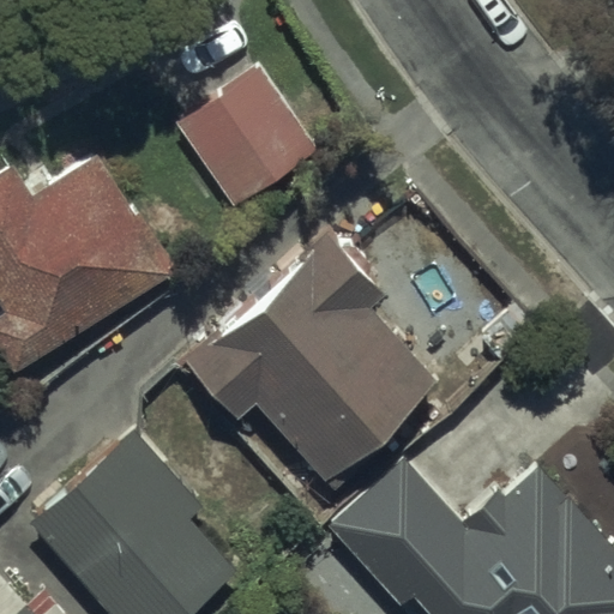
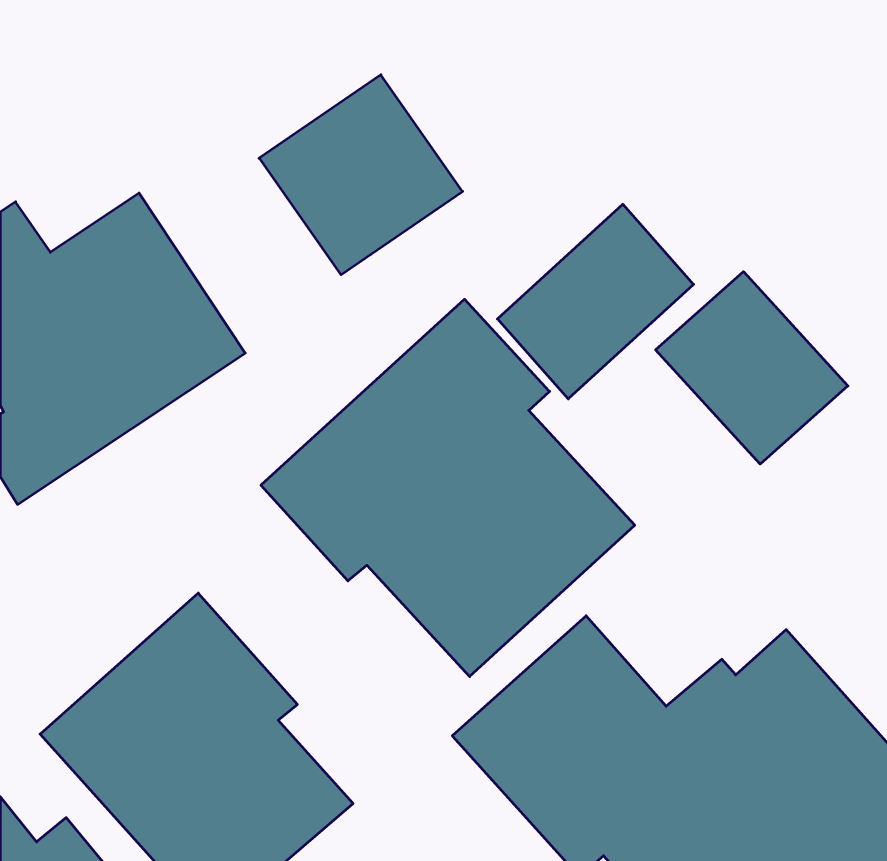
building: none -> [497,204,694,399]
building: none -> [656,272,848,464]

